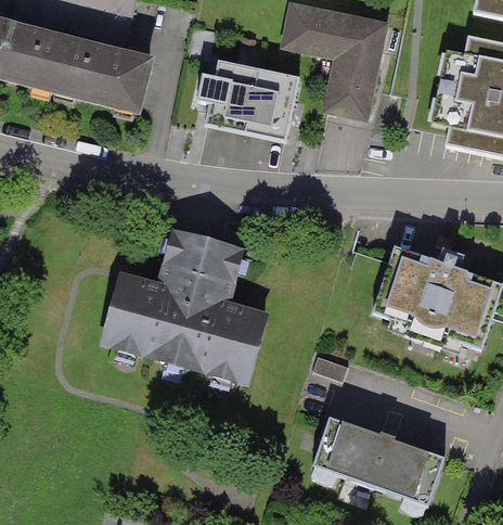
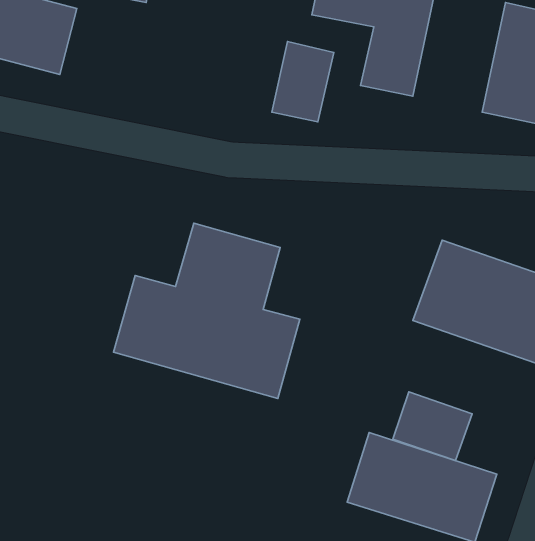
building: [54,37,155,117] -> none
building: [203,57,257,129] -> none
building: none -> [393,392,472,461]

